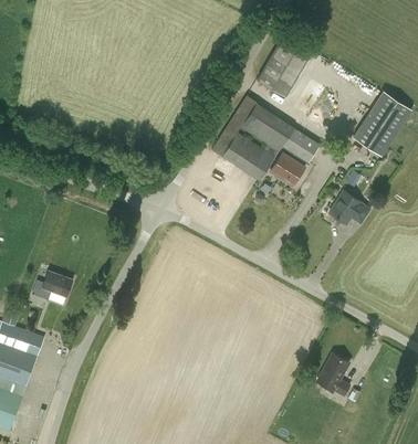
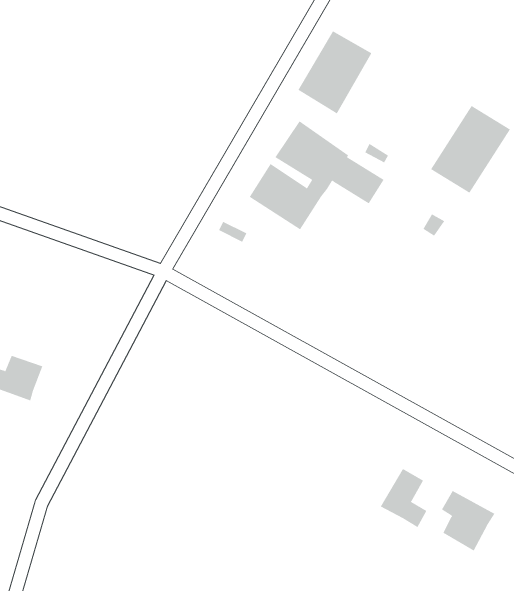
building: [270,154,304,187] -> none
building: [330,190,370,223] -> none
building: none -> [441,490,495,551]

